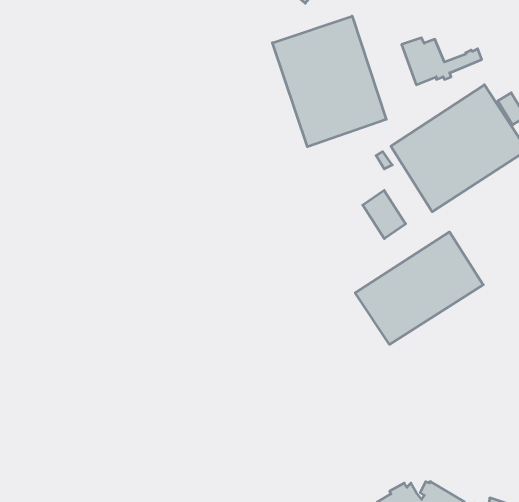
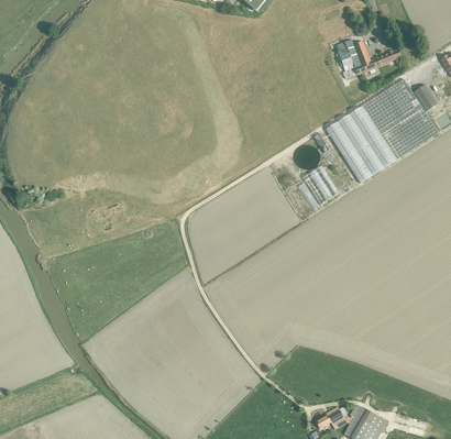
building: [272,16,386,147] -> none
building: [355,232,483,344] -> none

